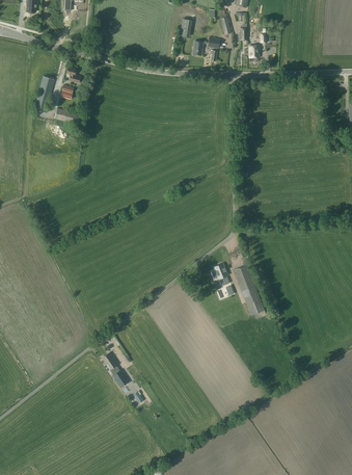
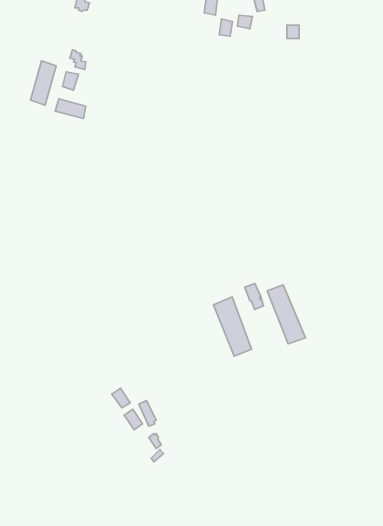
building: none -> [214,297,252,356]

